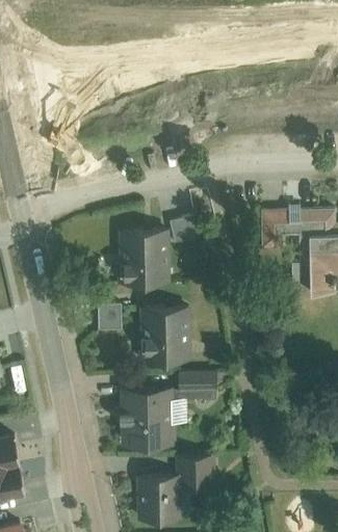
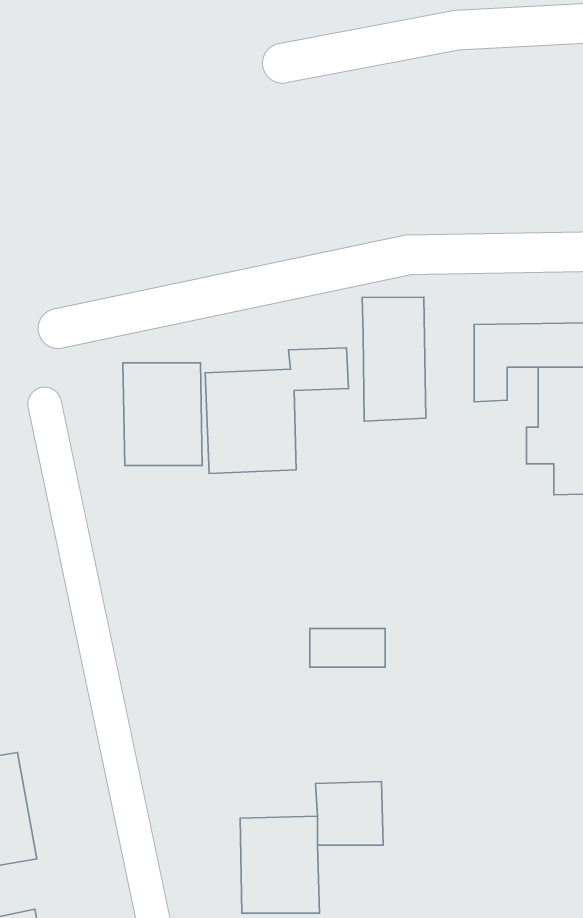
building: none -> [362,297,426,421]
building: [97,305,120,331] -> none
building: [139,305,182,361] -> [123,363,202,465]
building: [118,387,173,448] -> none

